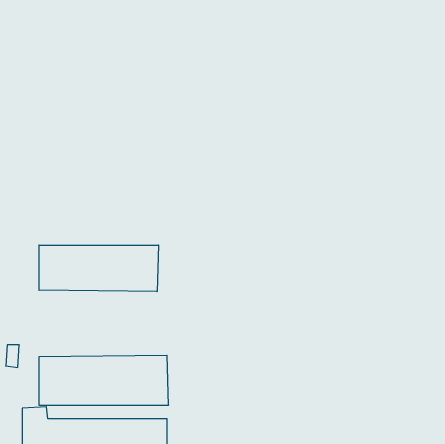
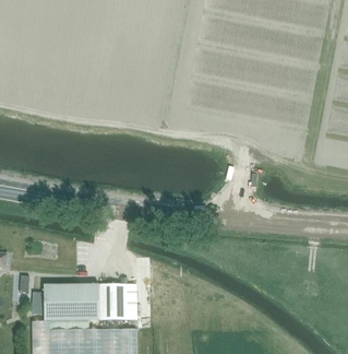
building: [39,245,159,292] -> none

